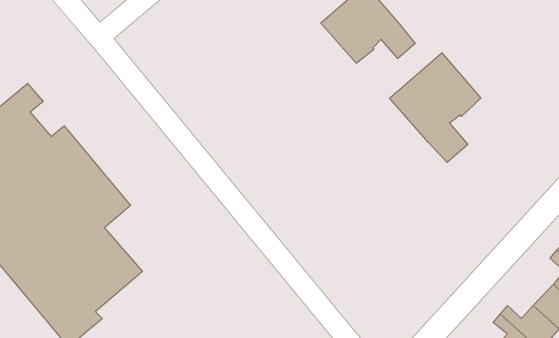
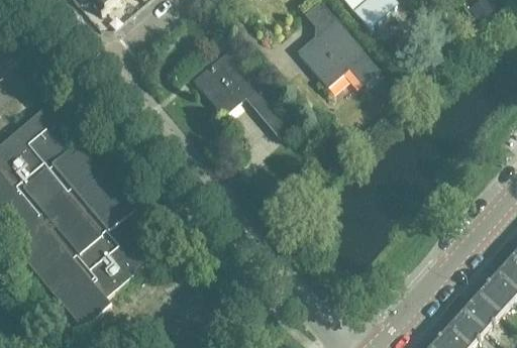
building: none -> [193,47,286,127]
building: [390,53,481,162] -> none

